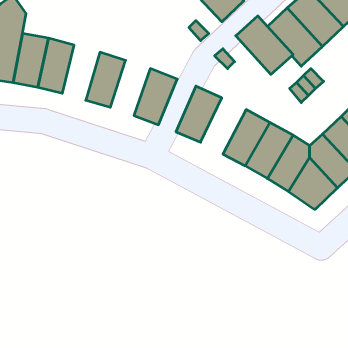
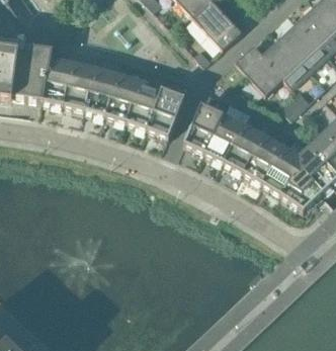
building: none -> [85,69,117,116]
building: none -> [127,82,161,129]
building: none -> [204,114,244,163]

